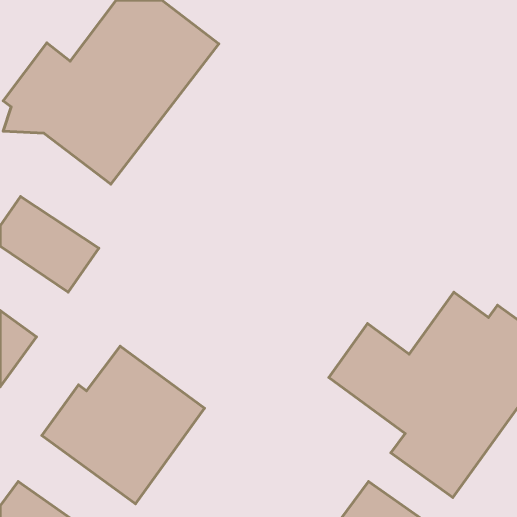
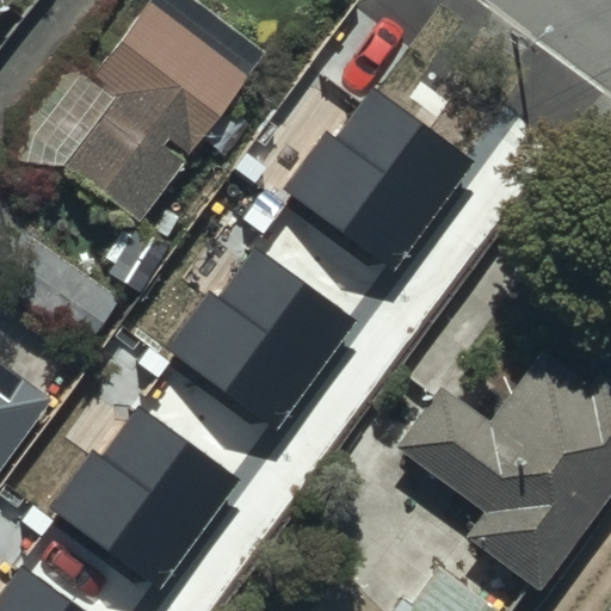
building: none -> [286,92,477,277]
building: none -> [169,248,360,433]

